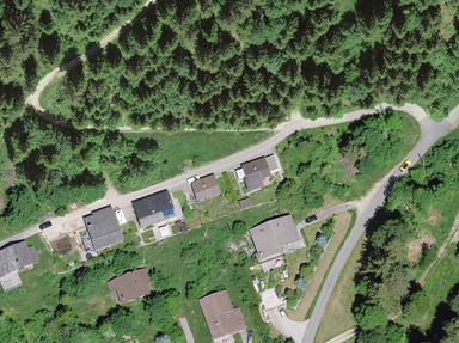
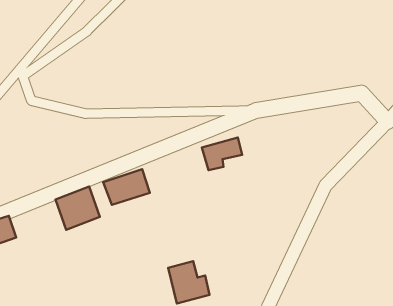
building: [185,173,216,200] -> none
building: [250,218,298,253] -> none
building: [110,268,155,304] -> none

